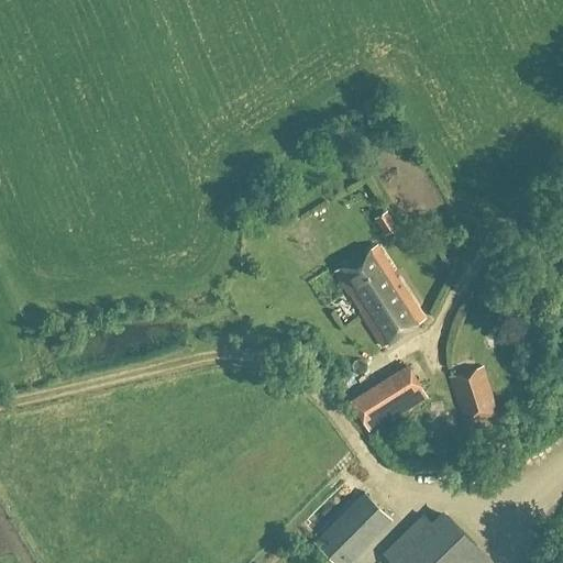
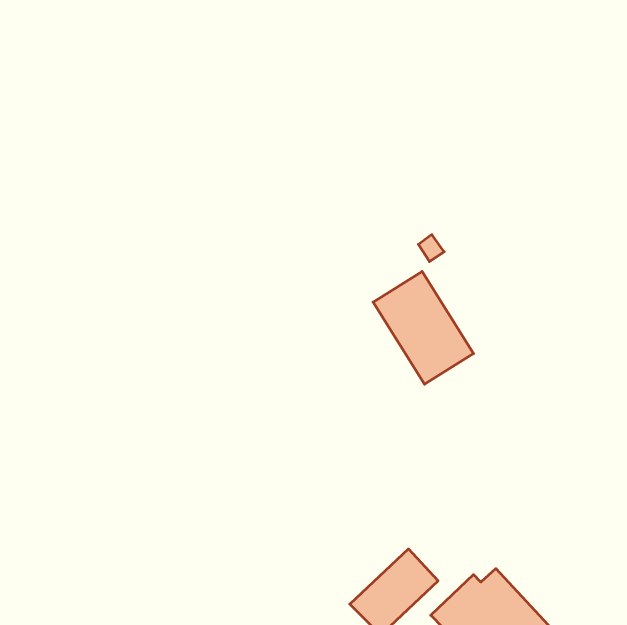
building: [352,368,427,432] -> none
building: [451,369,496,426] -> none

